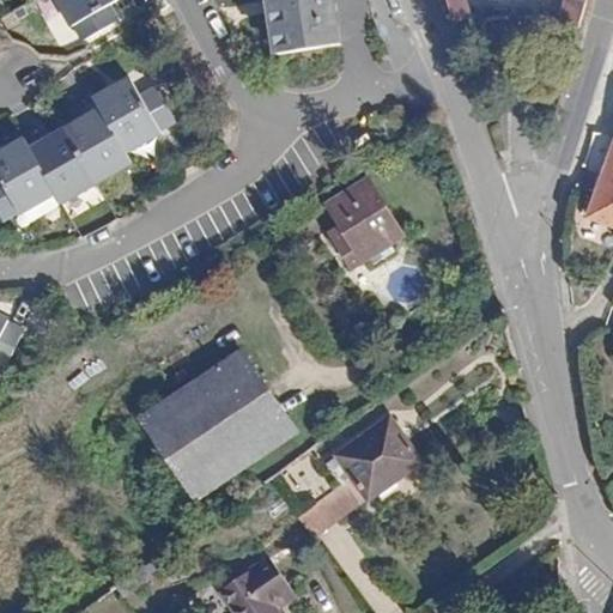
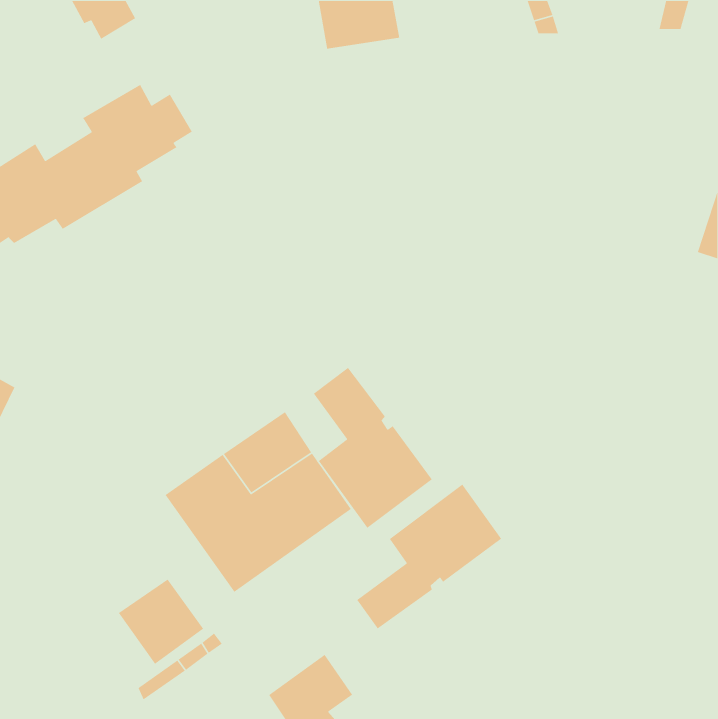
building: [324,181,401,267] -> none
building: none -> [313,367,433,529]
building: none -> [118,578,204,665]

